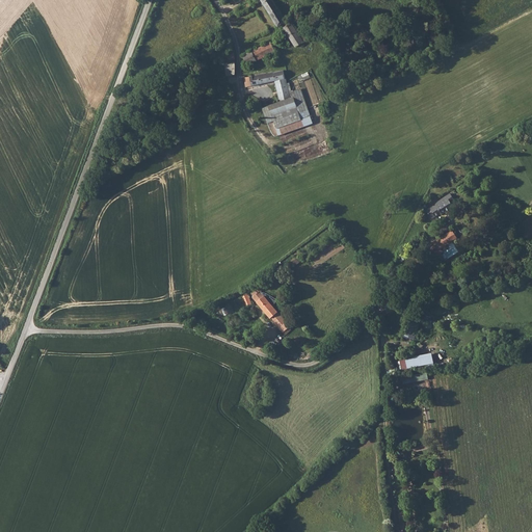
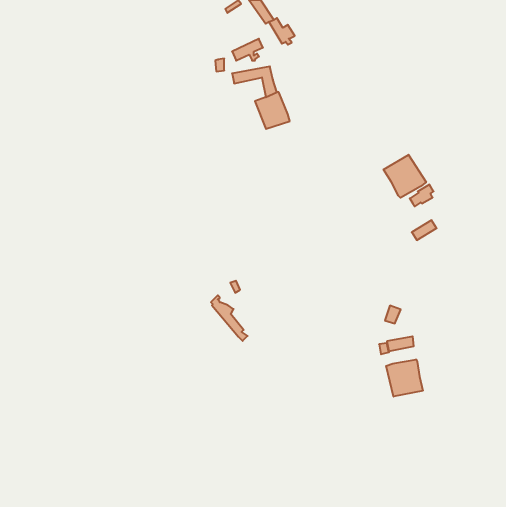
building: none -> [384,155,426,198]
building: [251,286,290,334] -> [211,295,248,341]
building: none -> [386,359,423,397]

